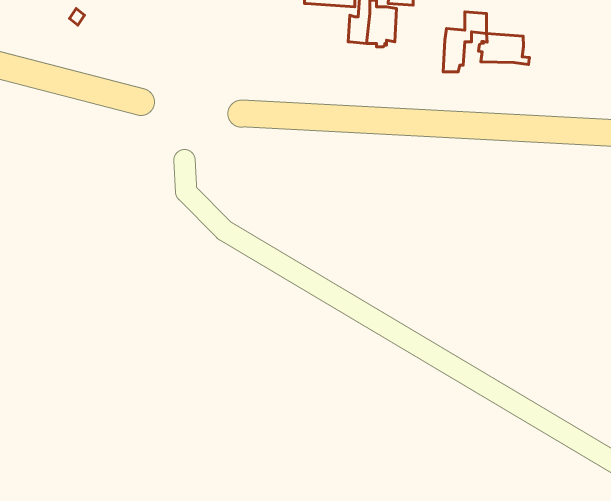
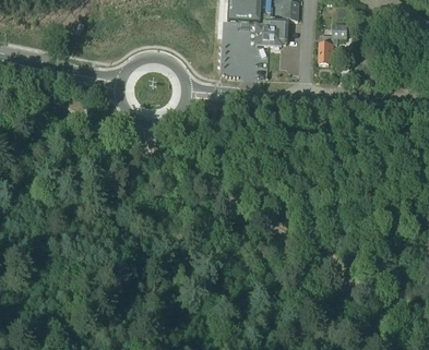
building: [479,33,529,64] -> none

